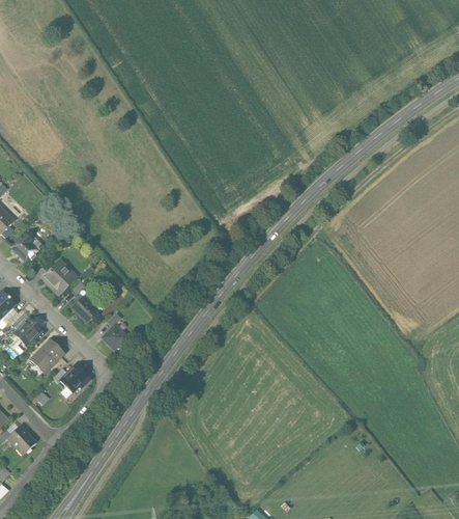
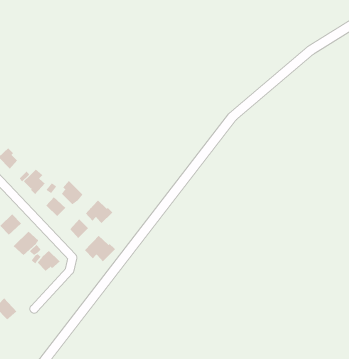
building: none -> [61,180,83,205]
building: none -> [85,198,113,224]
building: none -> [84,233,116,262]

